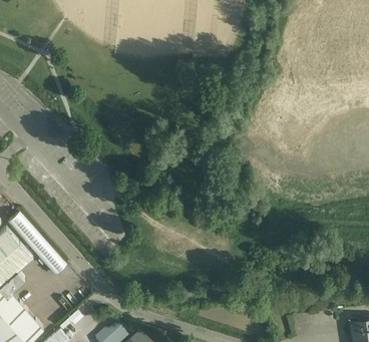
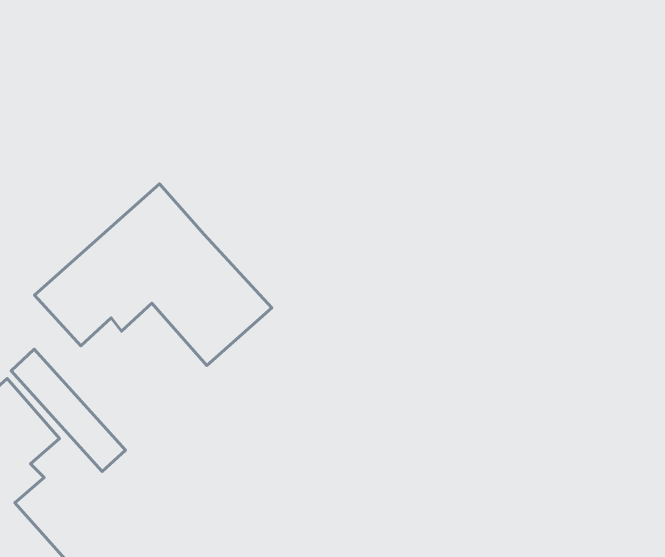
building: none -> [35,184,272,365]

